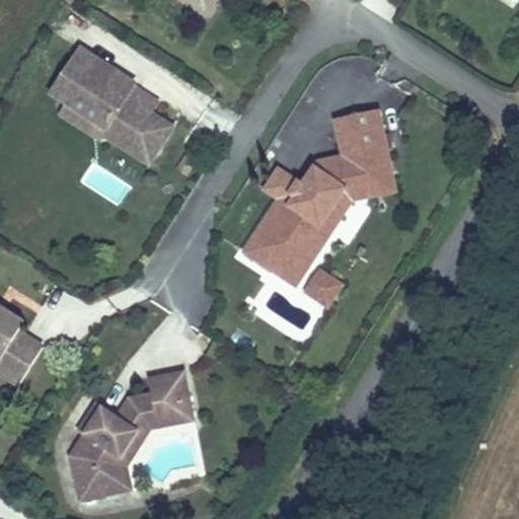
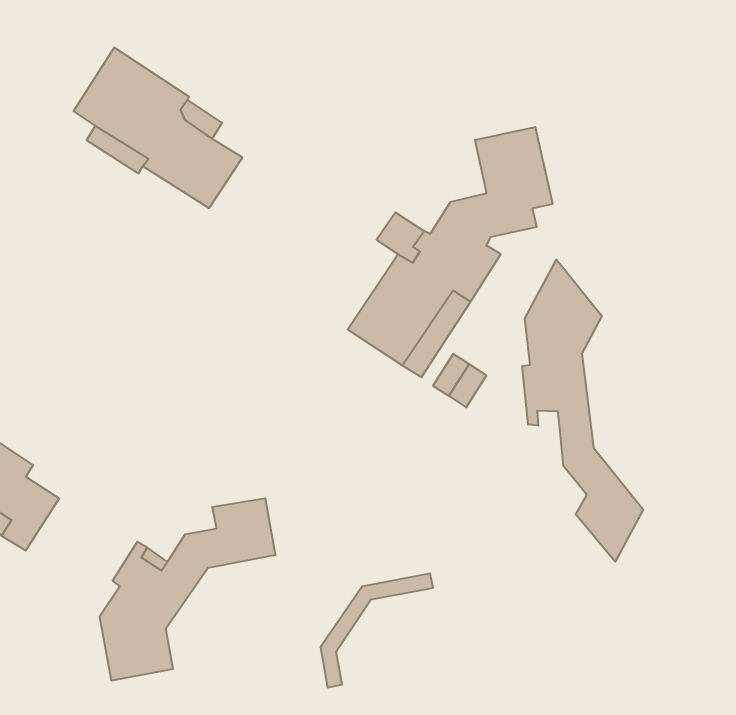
building: [342,159,394,195] -> none
building: none -> [522,260,643,562]
building: [117,405,196,486] -> [320,573,433,687]

